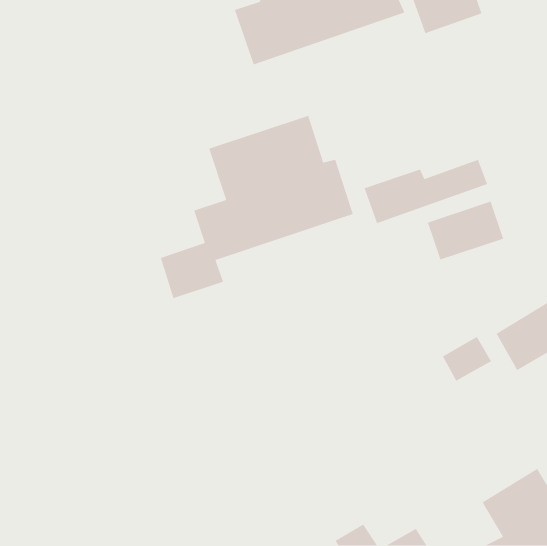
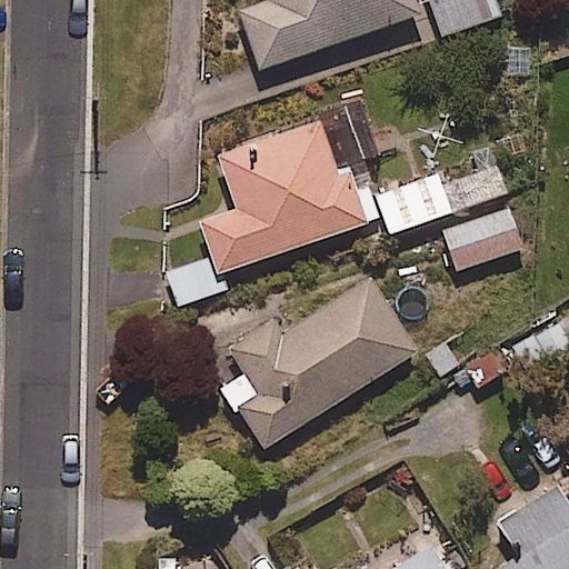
building: none -> [221,276,419,451]

